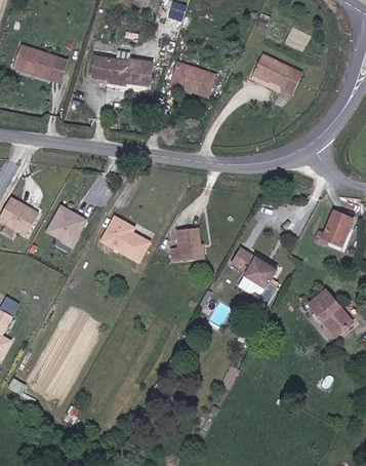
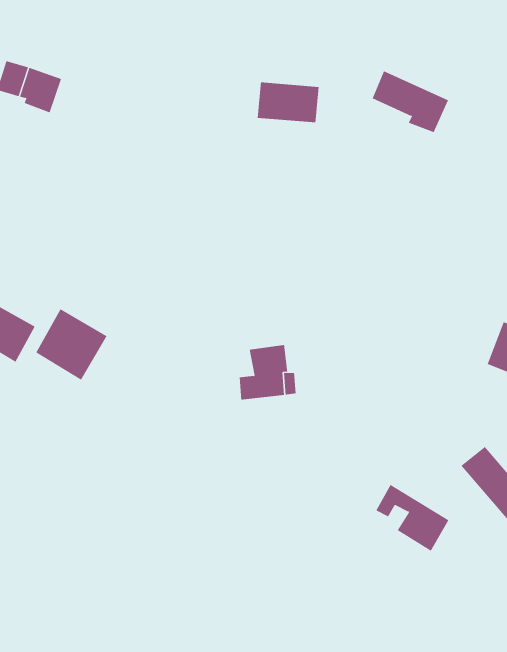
building: [91,61,151,89] -> none
building: [99,216,146,259] -> none
building: [231,245,277,287] -> [375,484,449,552]

